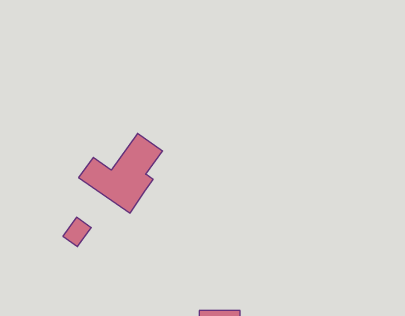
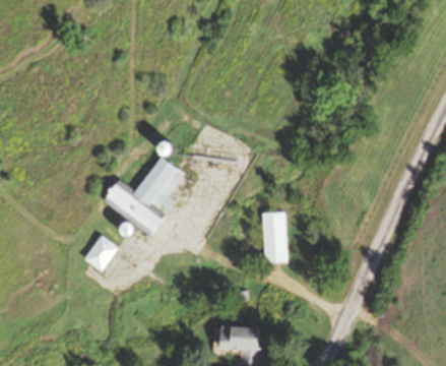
building: none -> [262,212,288,263]

